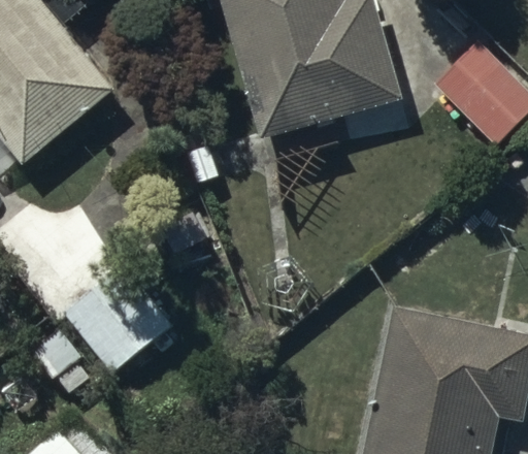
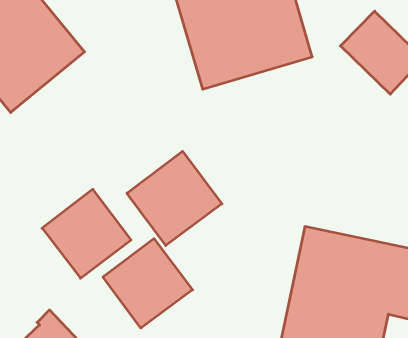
building: none -> [127,151,222,246]
building: none -> [103,239,193,328]

